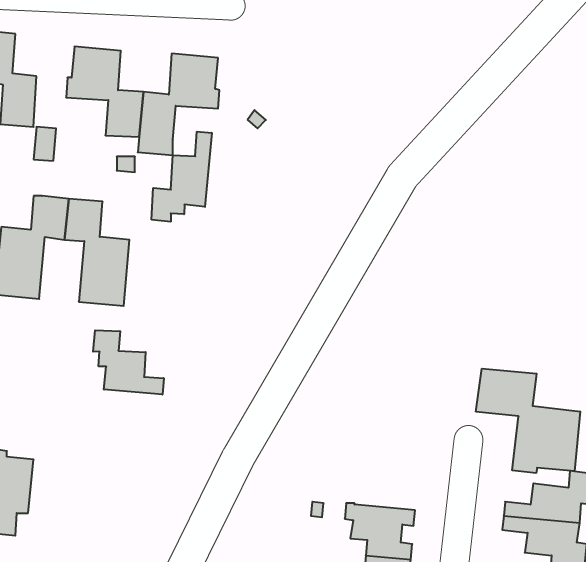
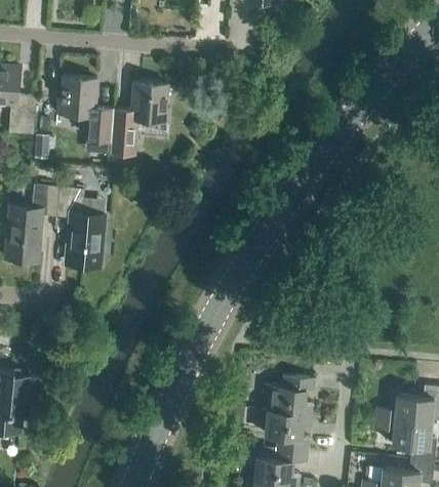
building: [152,132,212,222] -> none
building: [93,330,164,395] -> none
building: [476,369,580,473] -> none
building: none -> [263,374,316,413]

